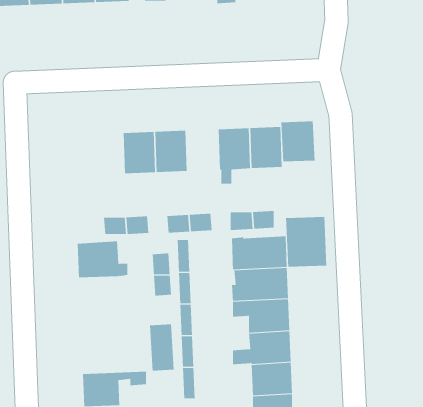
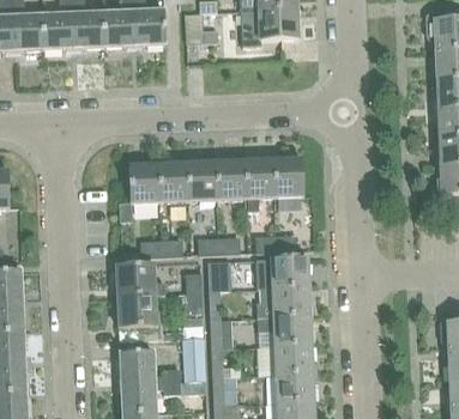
building: [281,121,315,162] -> none
building: none -> [216,160,246,199]
building: none -> [128,164,159,202]
building: [286,216,327,267] -> none
building: none -> [117,294,162,339]
building: none -> [120,351,180,383]

